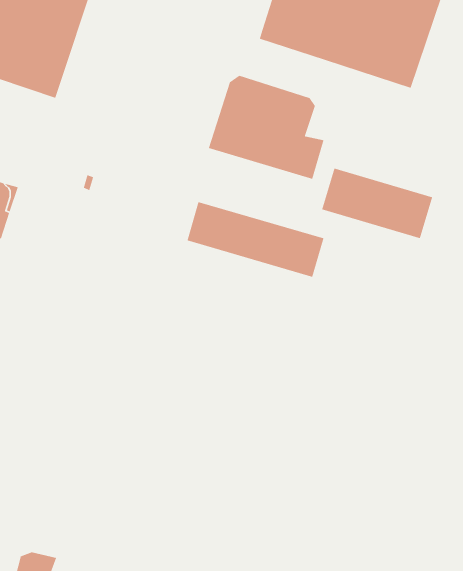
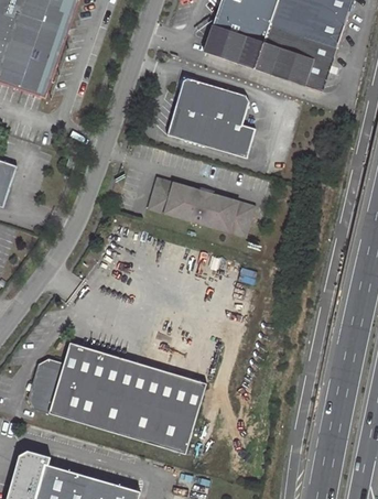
building: [321,167,433,239] -> none
building: none -> [24,343,205,456]

